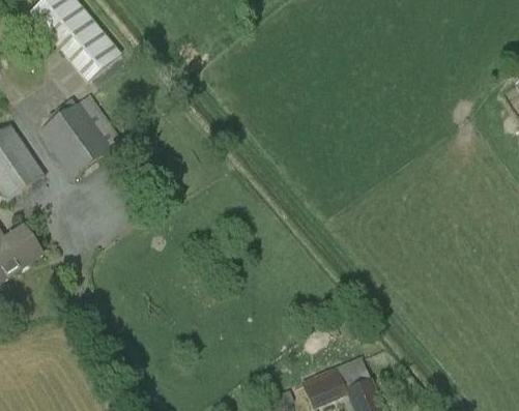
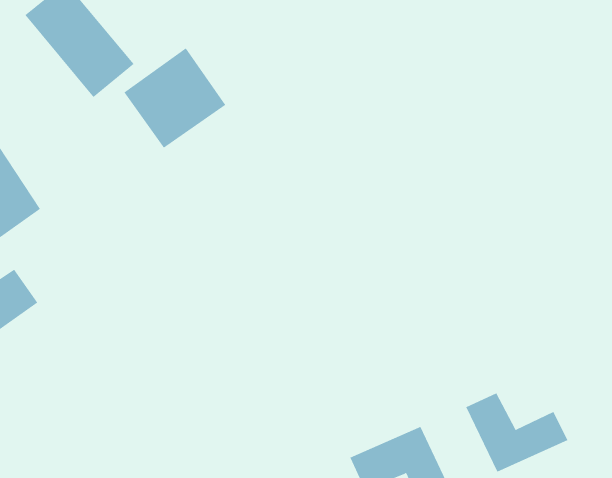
building: [38,93,123,177] -> [124,47,226,149]
building: none -> [465,393,568,472]

